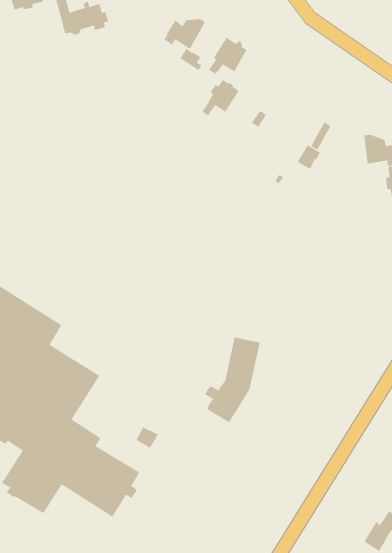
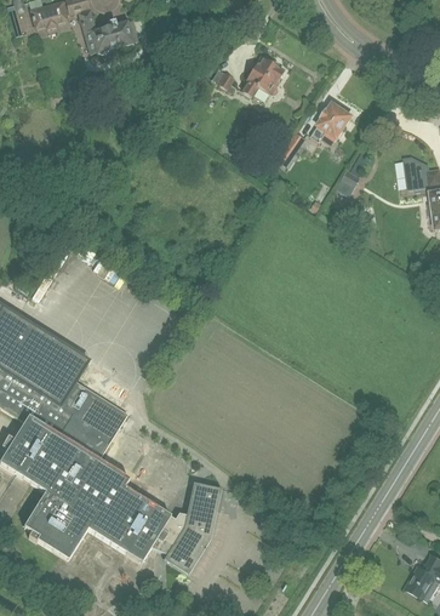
building: [164,19,206,50] -> none
building: [202,79,240,116] -> [310,102,350,141]
building: [204,337,260,423] -> [161,481,221,572]

